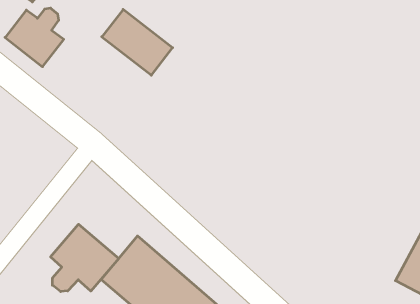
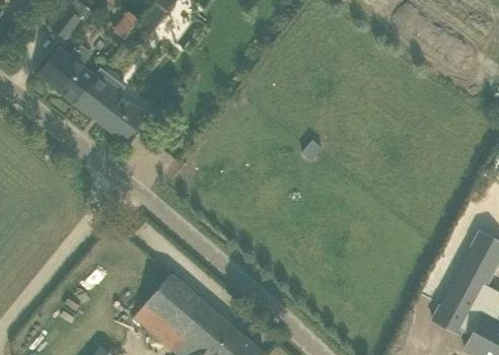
building: [102,9,173,75] -> [75,76,146,142]
building: [51,224,119,292] -> none

